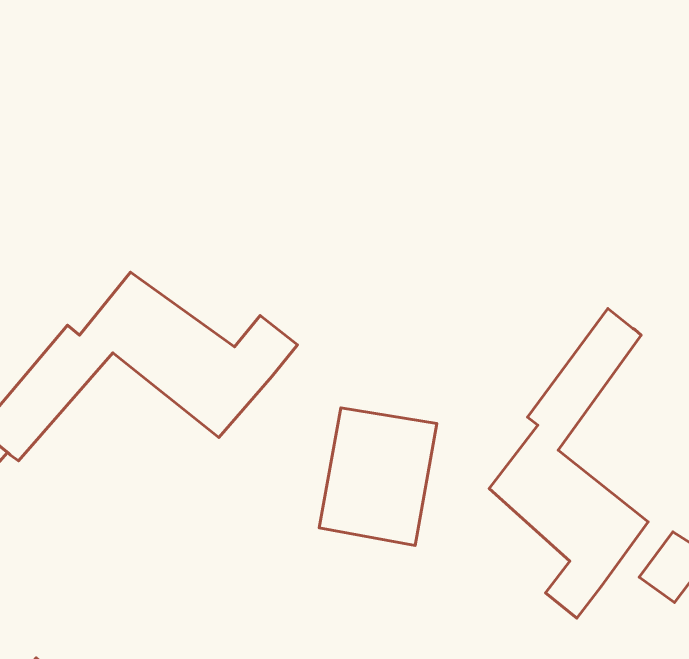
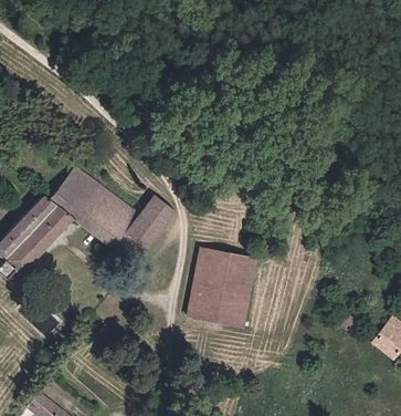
building: [489,309,648,618] -> none

